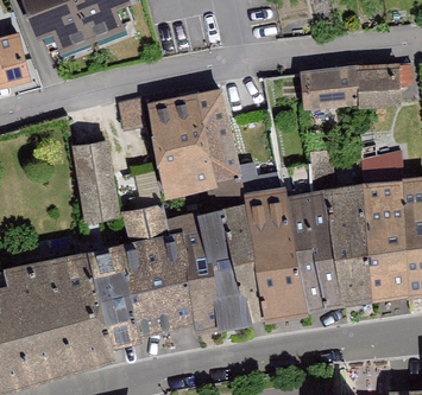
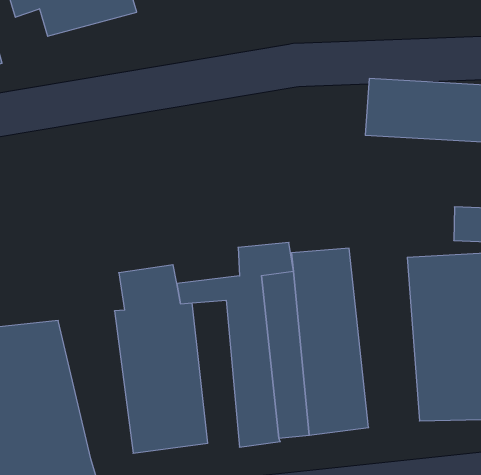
building: [149,89,243,198] -> none
building: [74,141,119,222] -> none
building: [288,190,344,312] -> none
building: [177,229,218,336] -> none
building: [83,242,143,348] -> none

